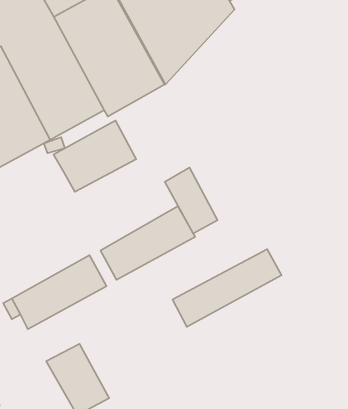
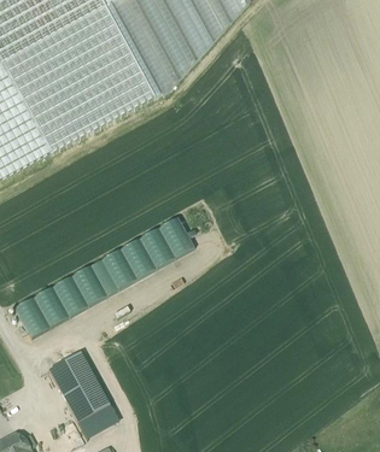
building: [54,121,136,192] -> none
building: [165,167,217,233] -> none
building: [172,249,281,327] -> none

